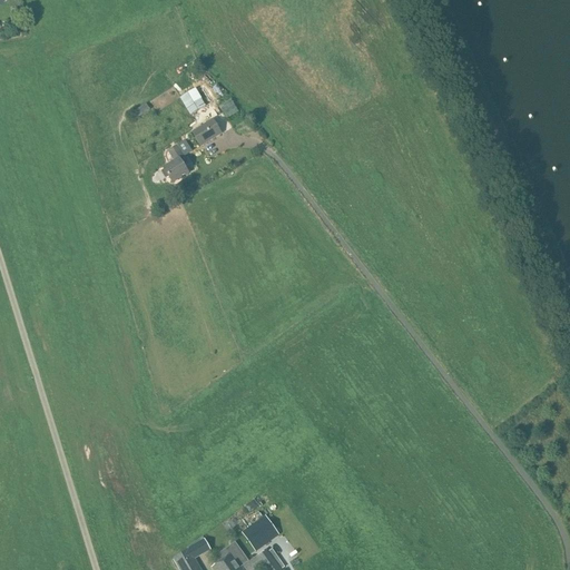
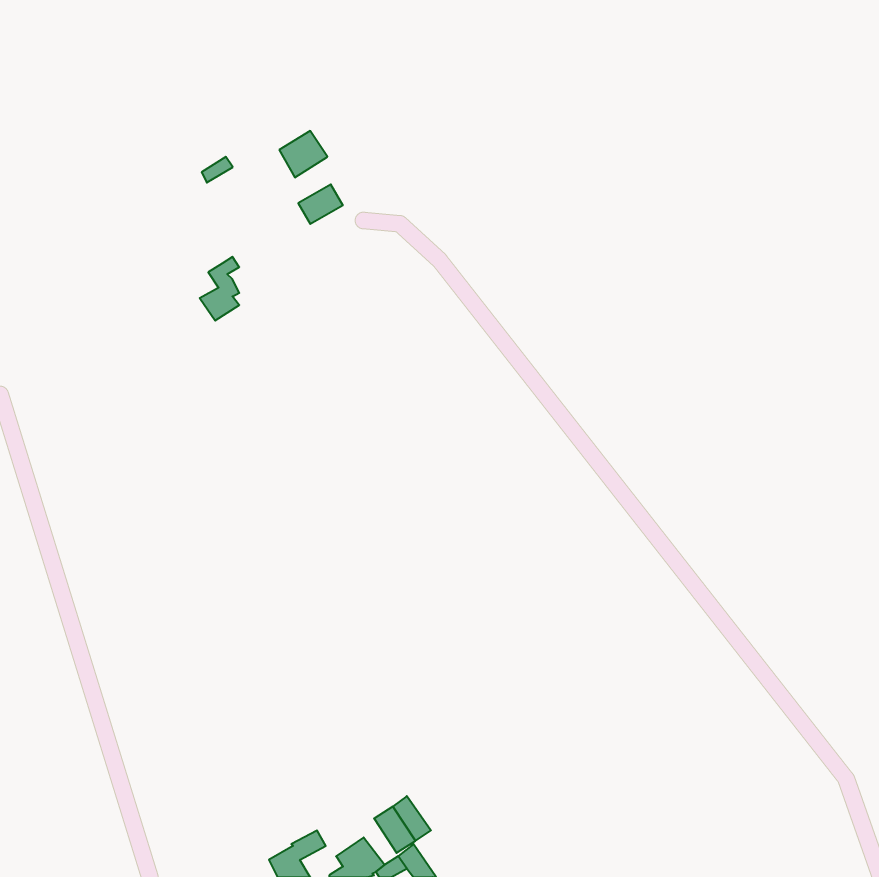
building: [165,140,190,181] -> [200,257,239,321]

